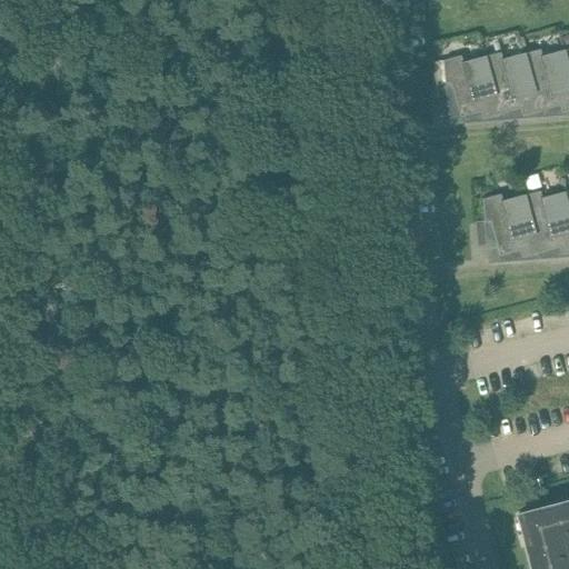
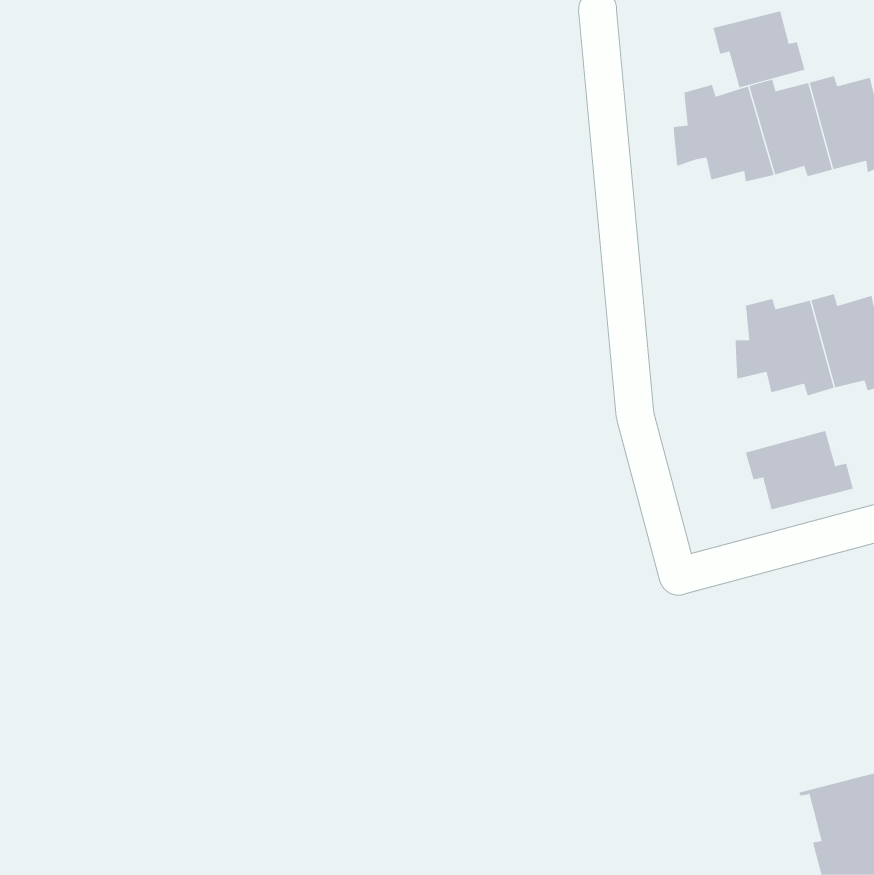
building: none -> [713,10,805,88]
building: none -> [745,430,854,510]

